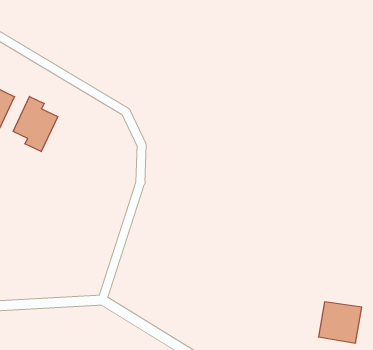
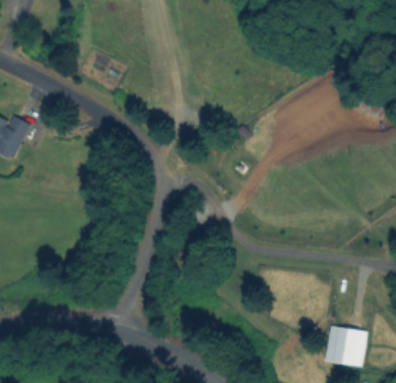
building: [13,96,58,152] -> none

